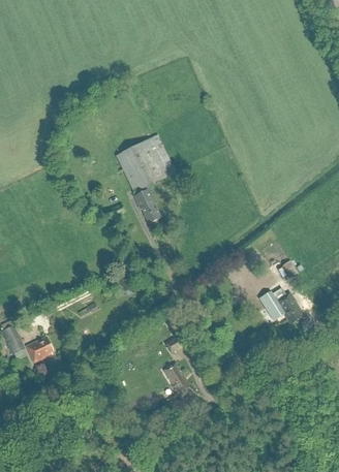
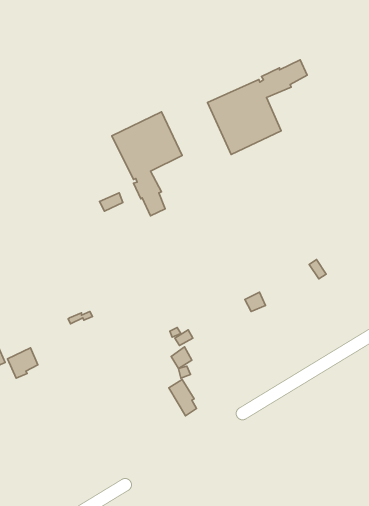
building: none -> [208,60,307,155]
building: [258,287,303,324] -> none

